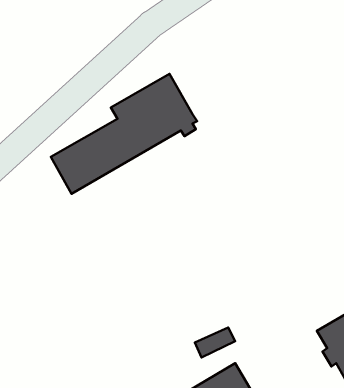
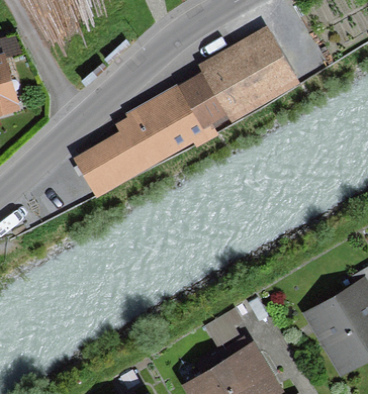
building: none -> [185,41,286,123]

